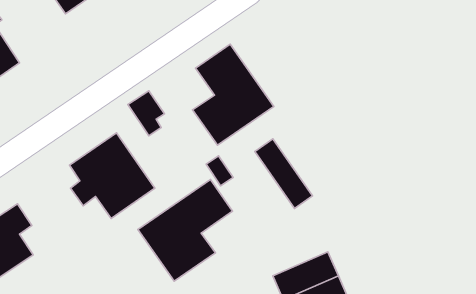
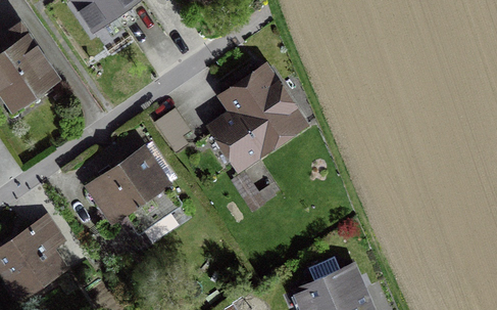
building: [255,139,313,209] -> none
building: [138,179,232,281] -> none

